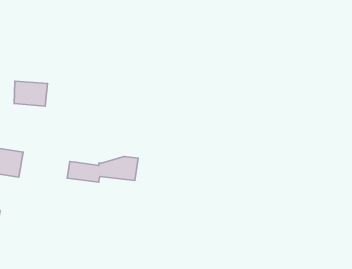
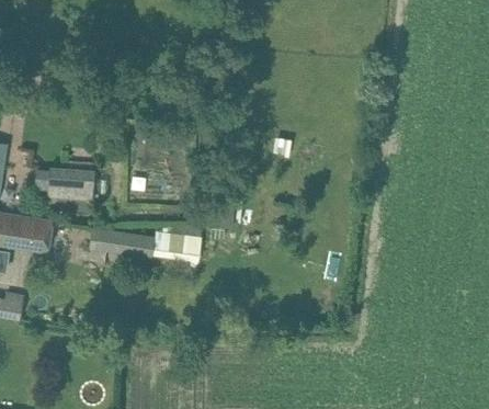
building: [14,81,48,106] -> [47,168,91,201]

